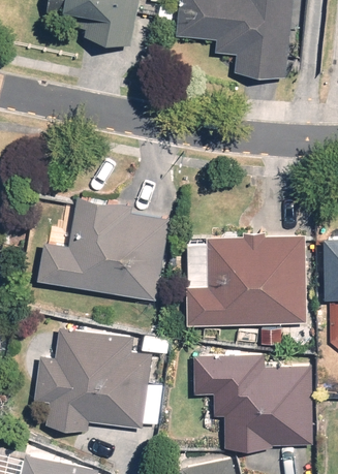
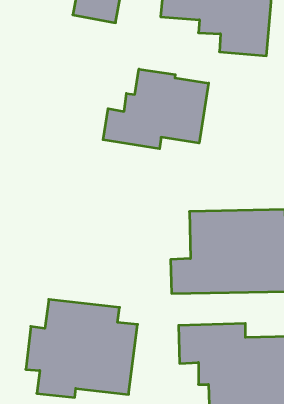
building: none -> [103,69,209,149]
building: [38,200,170,299] -> none

